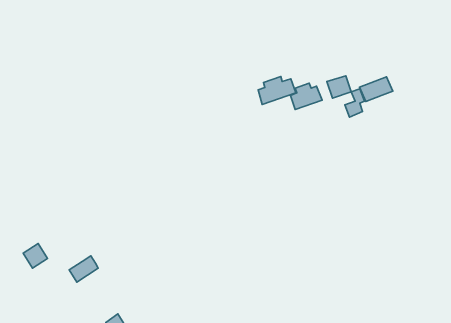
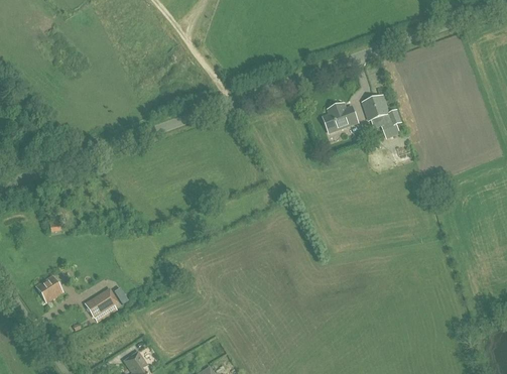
building: [258,77,296,104] -> none
building: [360,77,393,102] -> none

